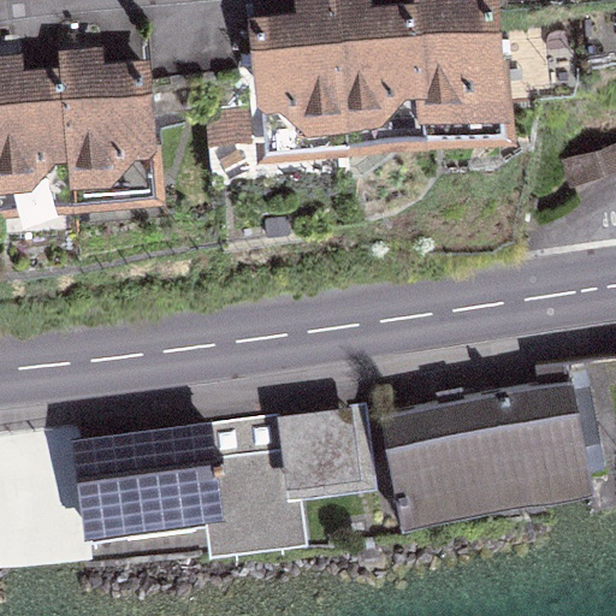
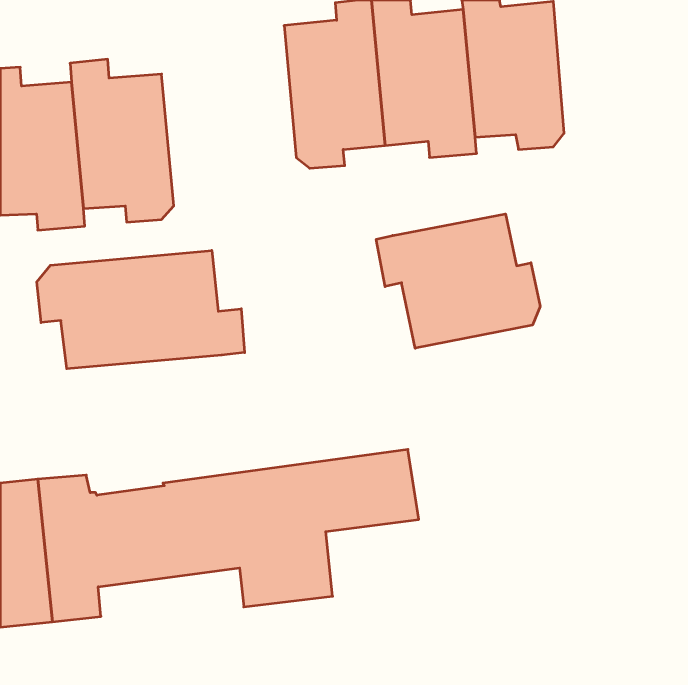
building: none -> [376,214,540,348]
building: none -> [37,250,245,369]
building: [383,378,605,526] -> none

